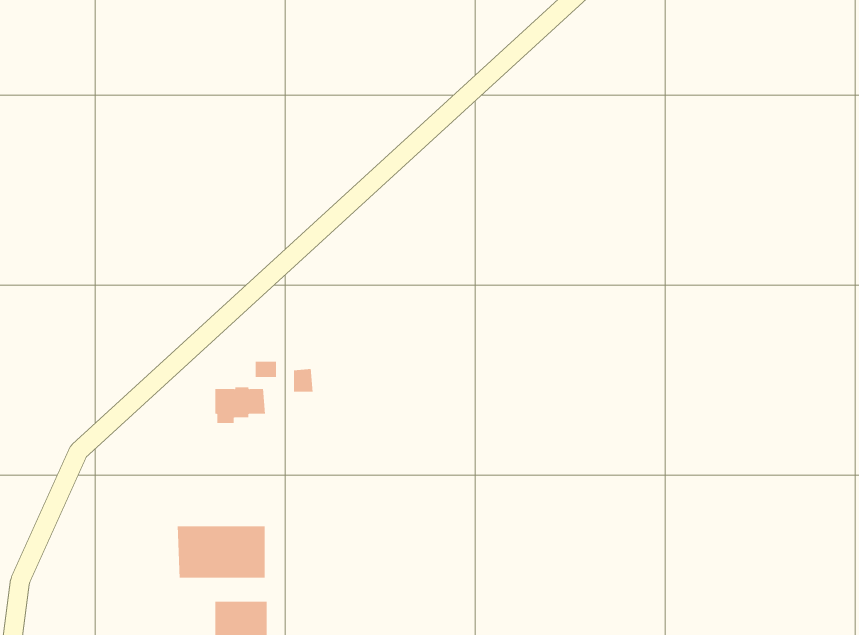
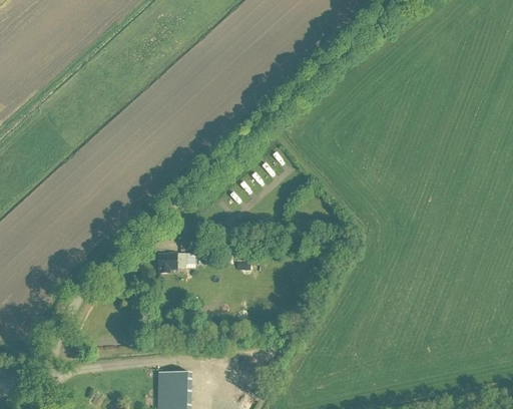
building: [177,525,265,579] -> none

